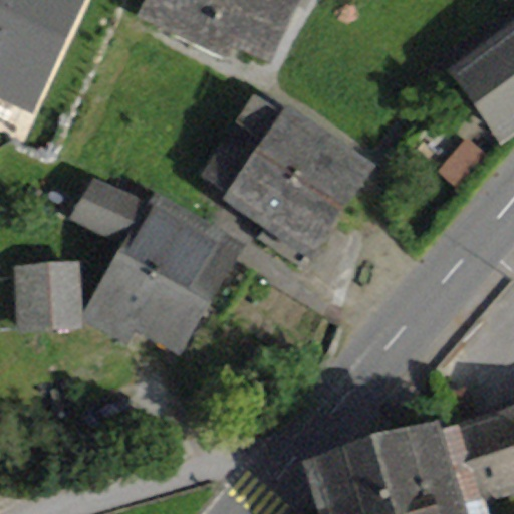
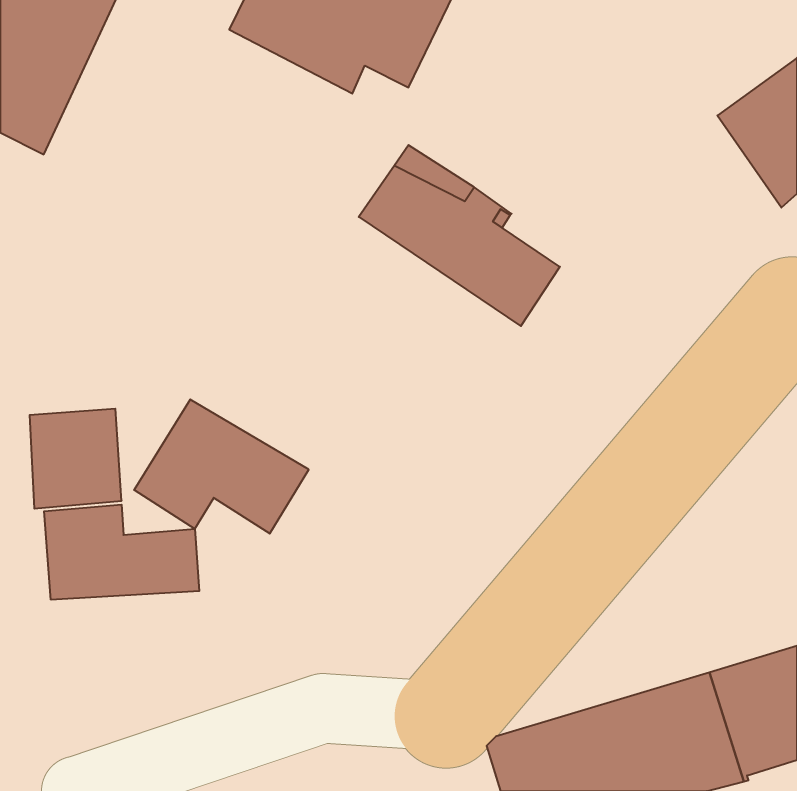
building: [207,140,335,261] -> none
building: [74,187,226,302] -> none
building: none -> [44,505,199,600]

